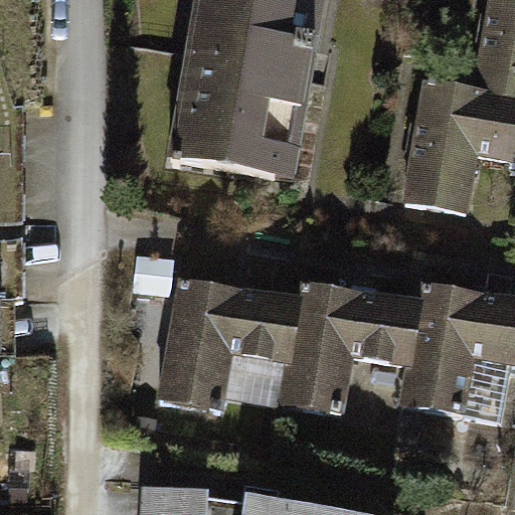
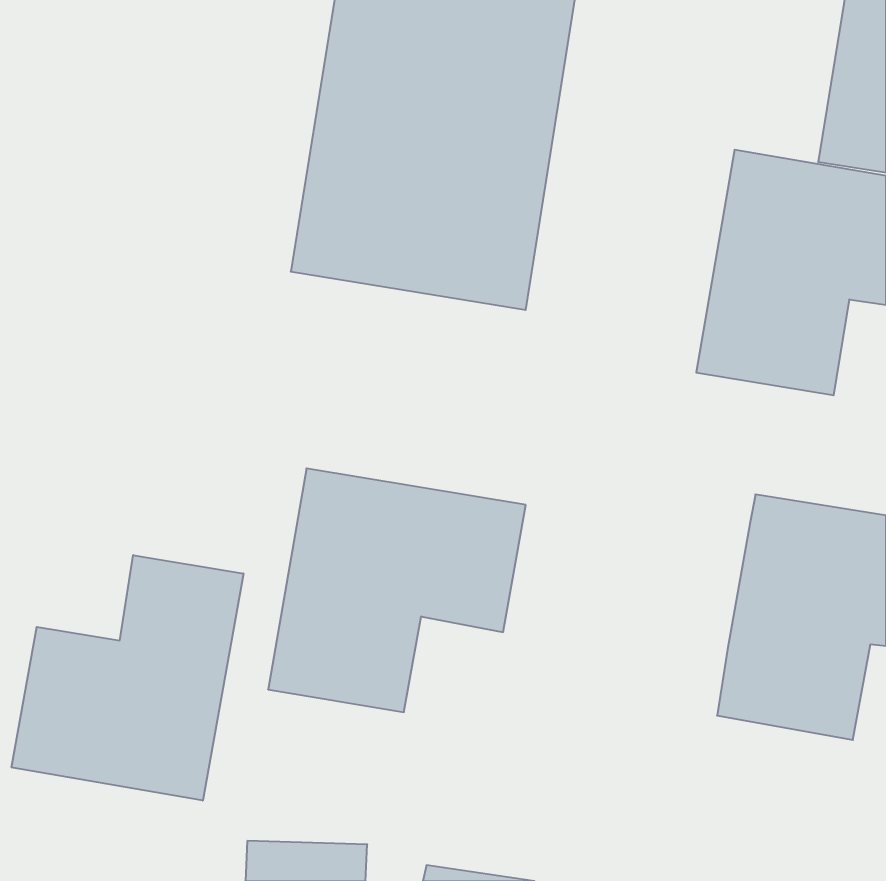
building: [284,281,434,422] -> none
building: none -> [12,555,243,801]

